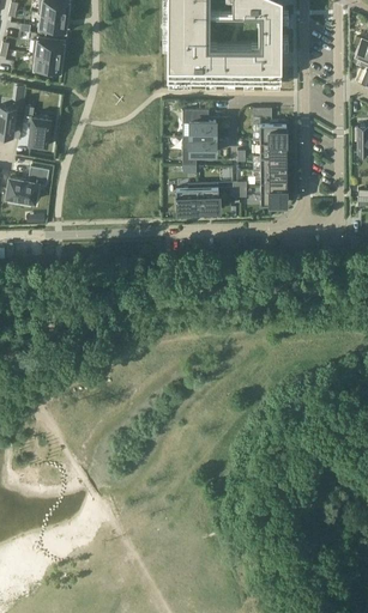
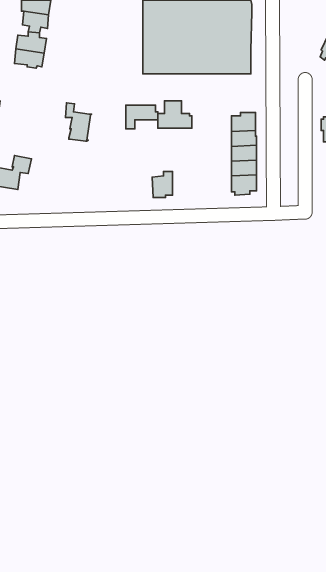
building: [24,107,52,147] -> [65,103,92,141]
building: [182,138,216,163] -> [126,105,158,129]
building: [198,183,219,210] -> none

